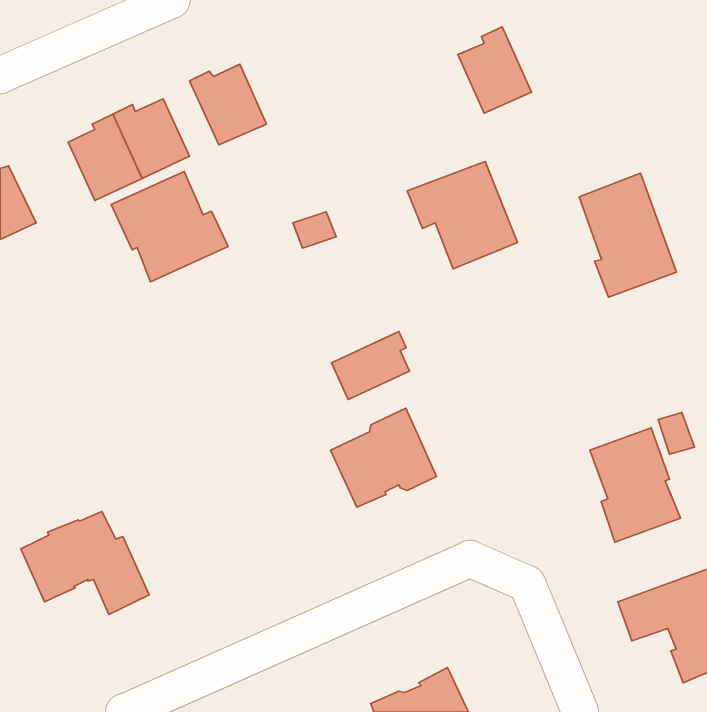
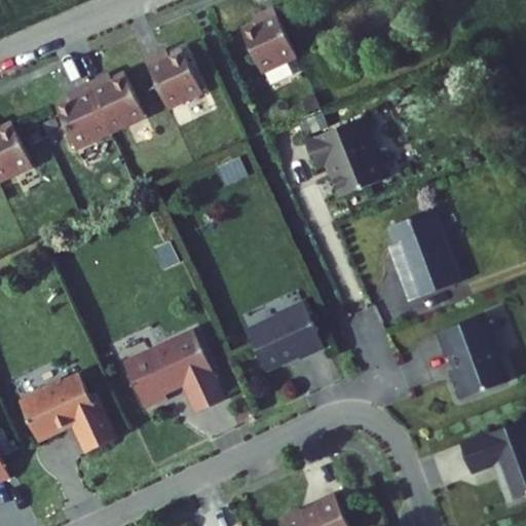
building: [458,27,532,113] -> [240,8,295,72]
building: [111,171,228,282] -> none
building: [579,173,677,297] -> [390,209,462,300]
building: [332,332,409,400] -> none
building: none -> [122,330,223,412]

